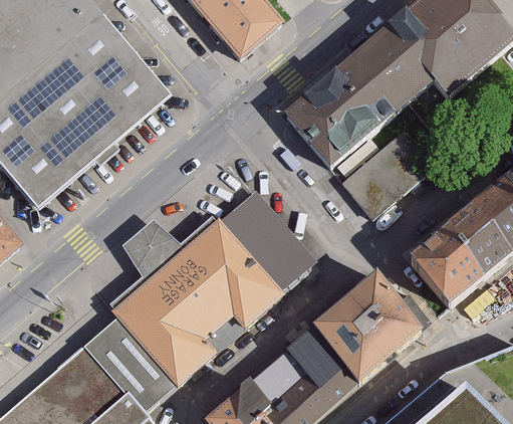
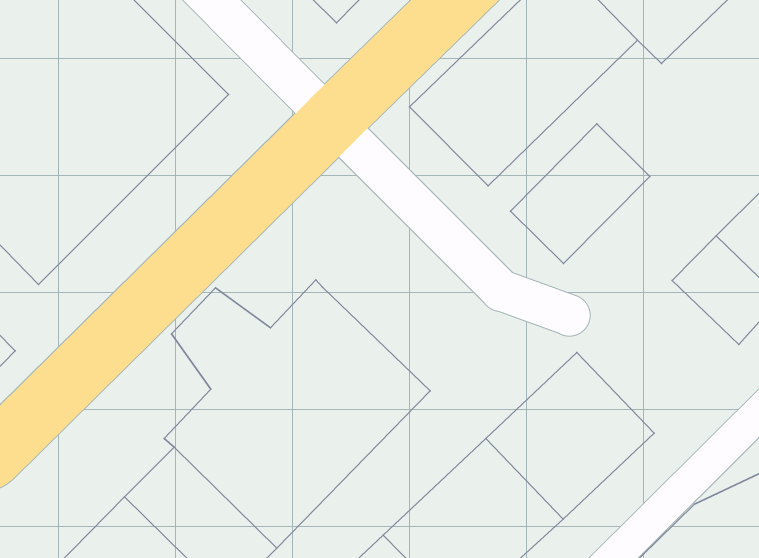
building: [219,195,316,294] -> none
building: [409,236,481,309] -> none

